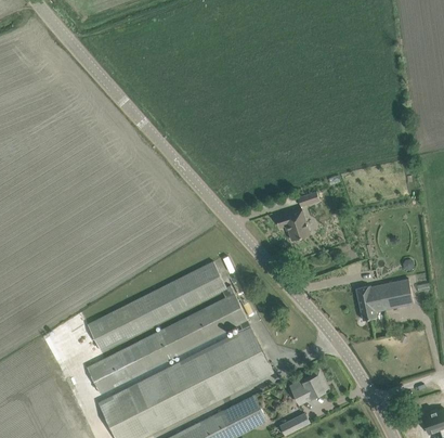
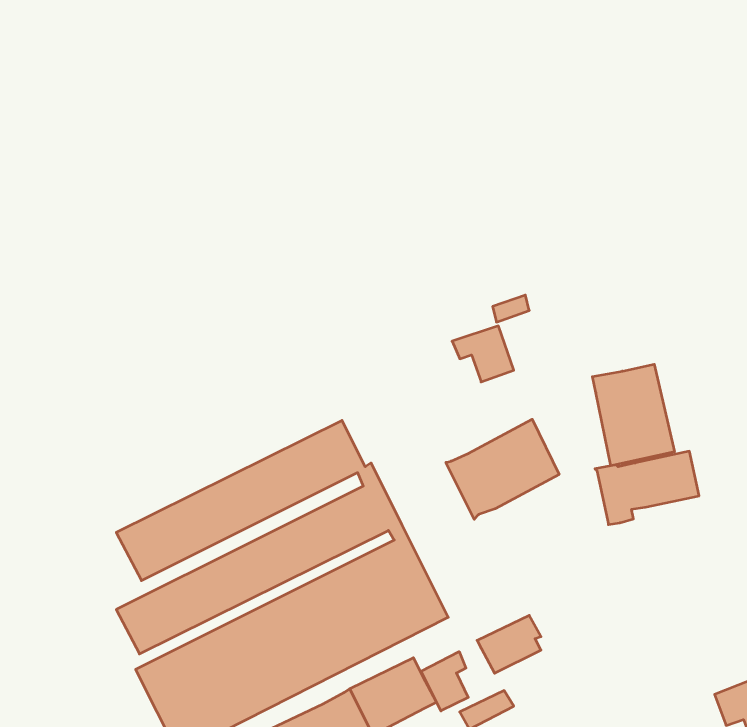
building: none -> [592,364,674,466]
building: none -> [446,419,559,519]
building: none -> [421,652,468,711]

